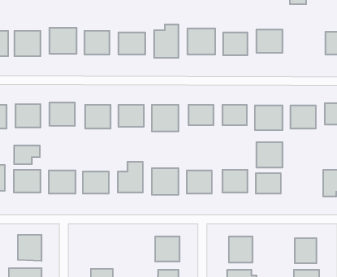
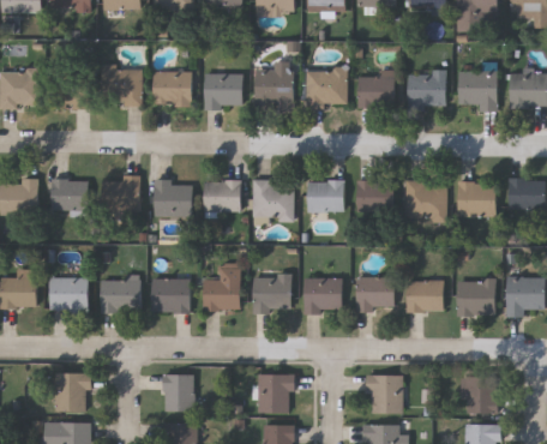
building: none -> [459,72,497,112]
building: [257,142,283,167] -> [457,280,495,317]
building: [14,145,40,164] -> none
building: none -> [163,374,194,413]

